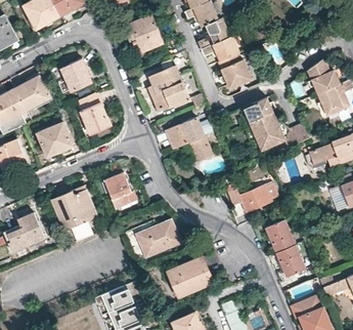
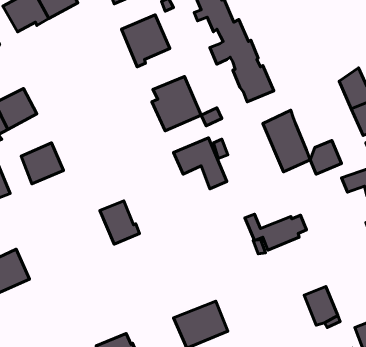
building: [61,59,92,92] -> none
building: [77,92,113,134] -> none
building: [51,185,98,232] -> none
building: [136,219,181,257] -> none
building: [267,219,296,251] -> none

